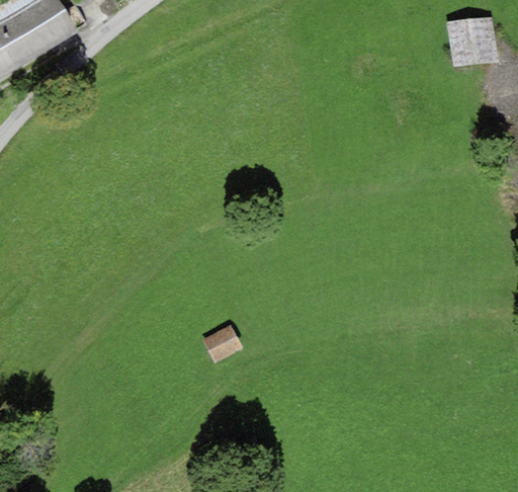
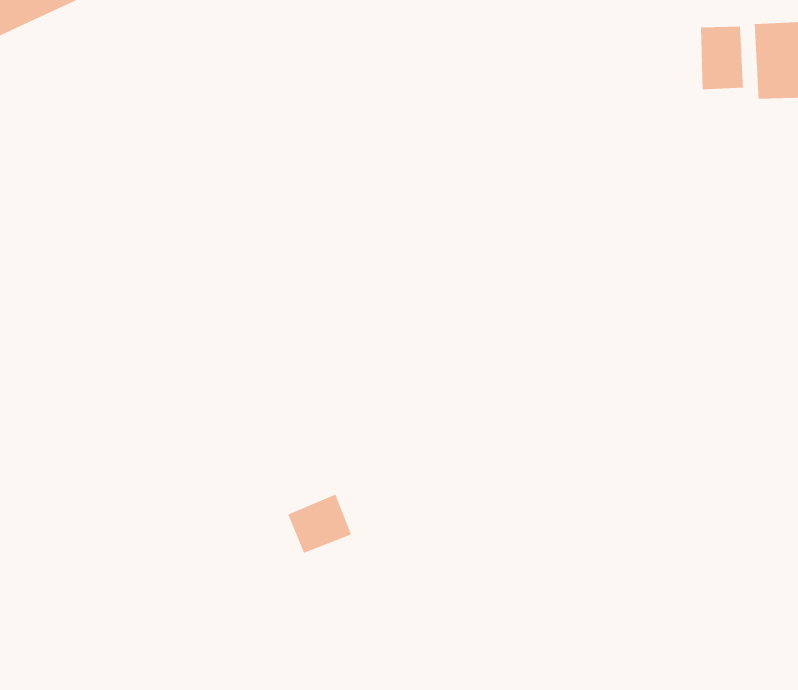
building: none -> [700,26,744,90]

